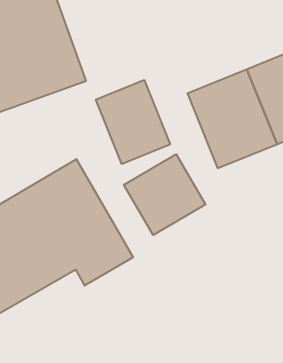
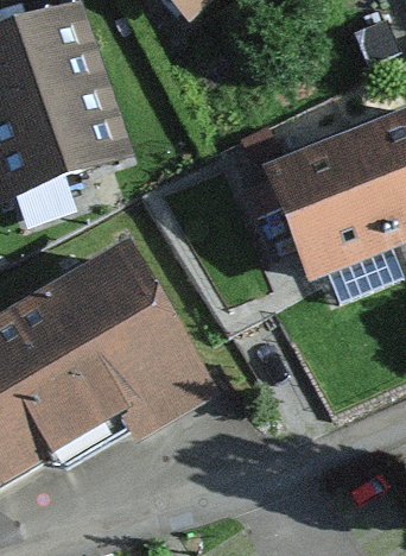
building: [96,80,170,164] -> none
building: [124,154,205,235] -> none

